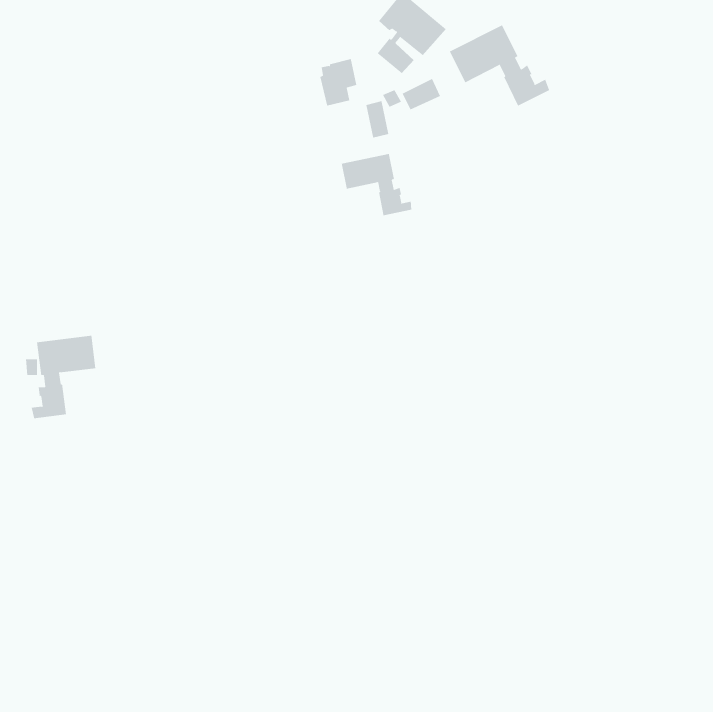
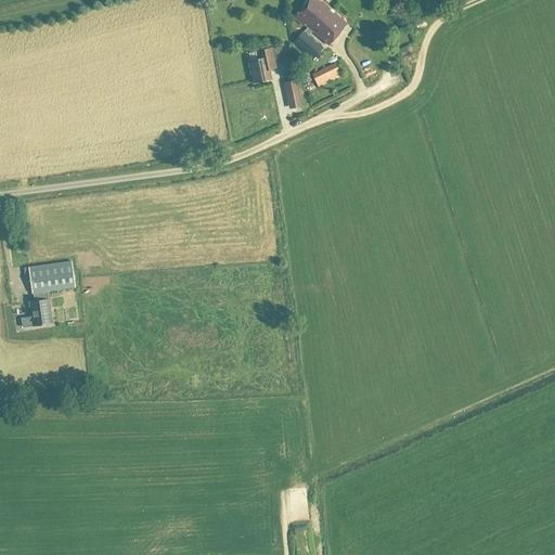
building: [449,25,550,106] -> none
building: [341,153,412,216] -> none

